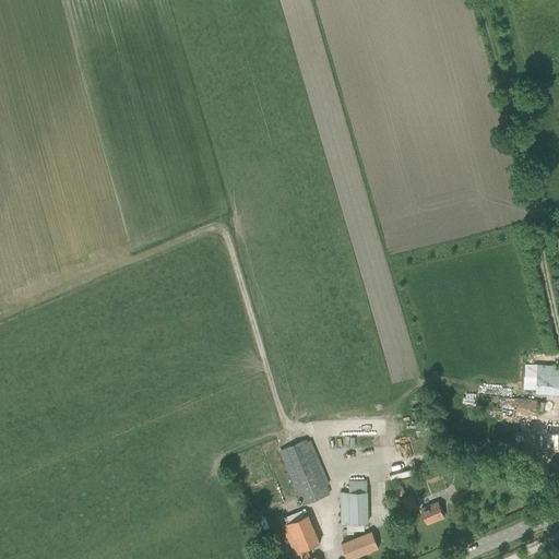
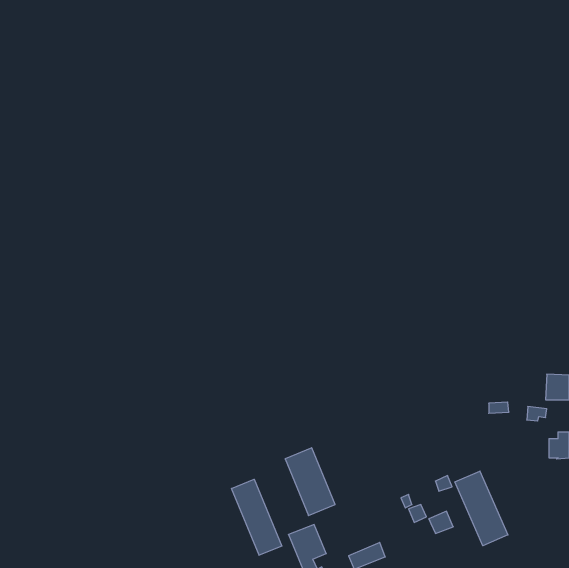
building: none -> [455,471,508,546]
building: none -> [232,479,282,555]
building: [340,481,368,524] -> none

